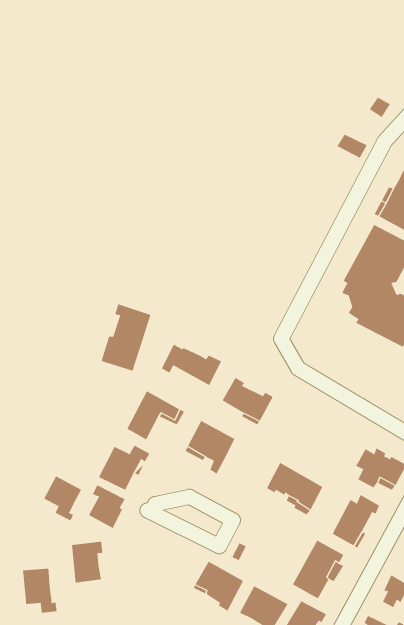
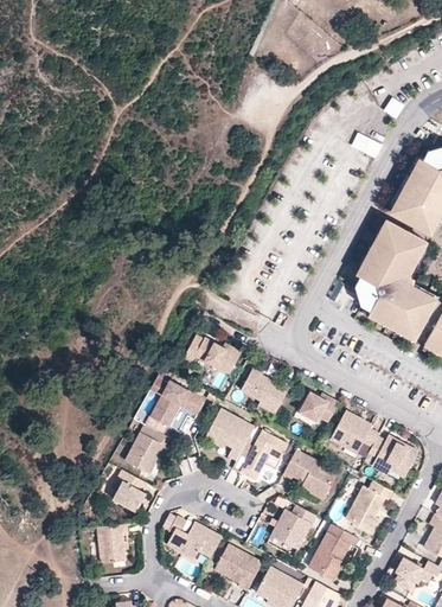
building: [101,303,151,371] -> none
building: none -> [299,392,338,422]
building: none -> [331,410,379,454]
building: none -> [232,432,288,479]
building: [44,476,82,521] -> none
building: none -> [271,505,316,550]
building: none -> [166,518,222,558]
building: [23,568,57,613] -> none

